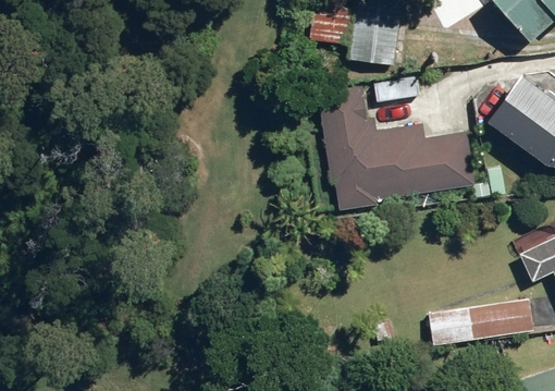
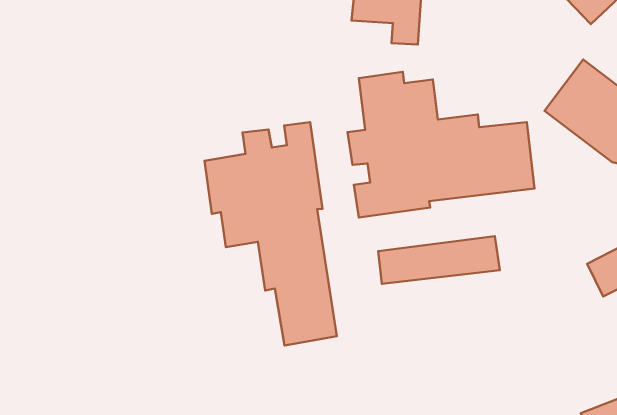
building: none -> [205,122,337,346]
building: [433,300,539,341] -> [378,236,500,284]

